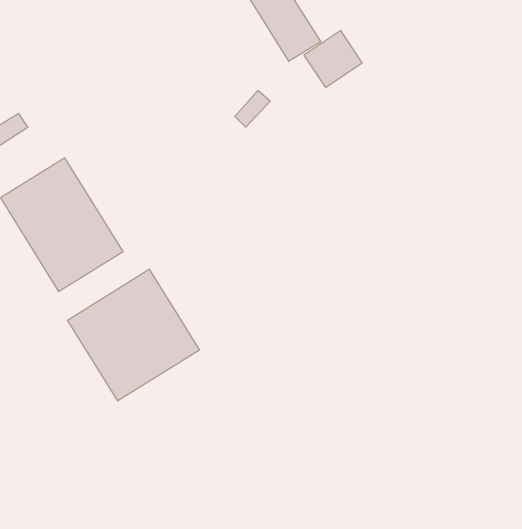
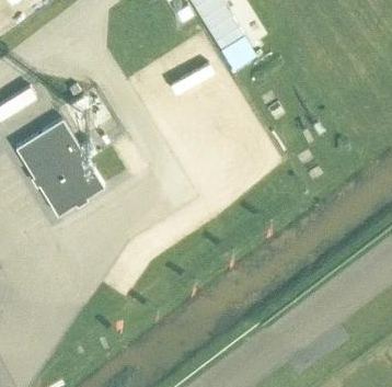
building: [68,269,200,401] -> none

